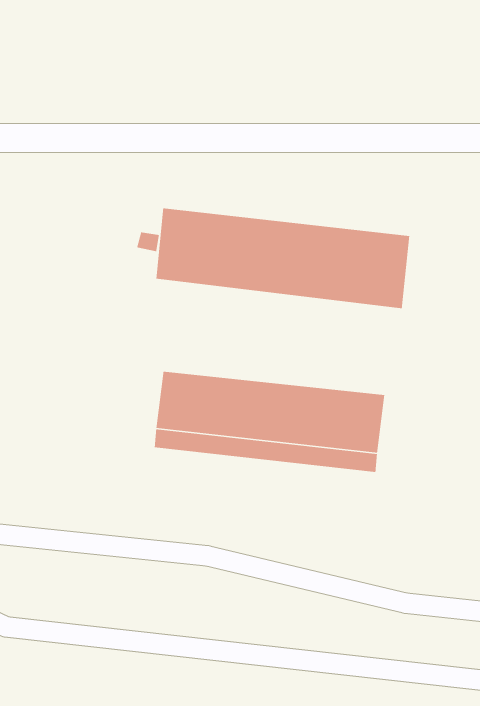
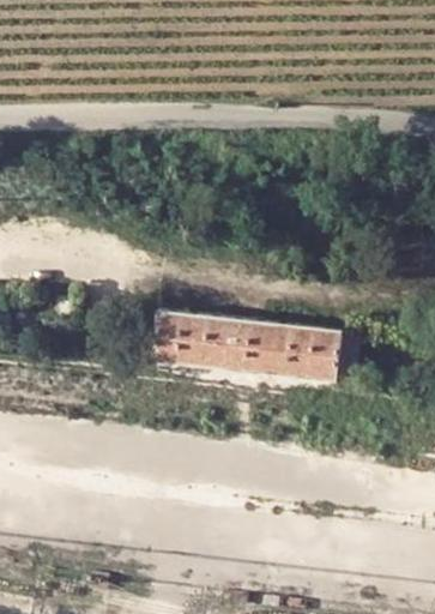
building: [155,208,410,309] -> none

